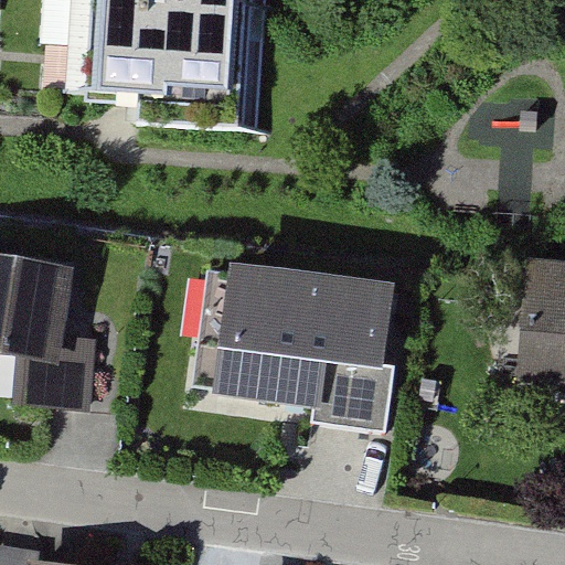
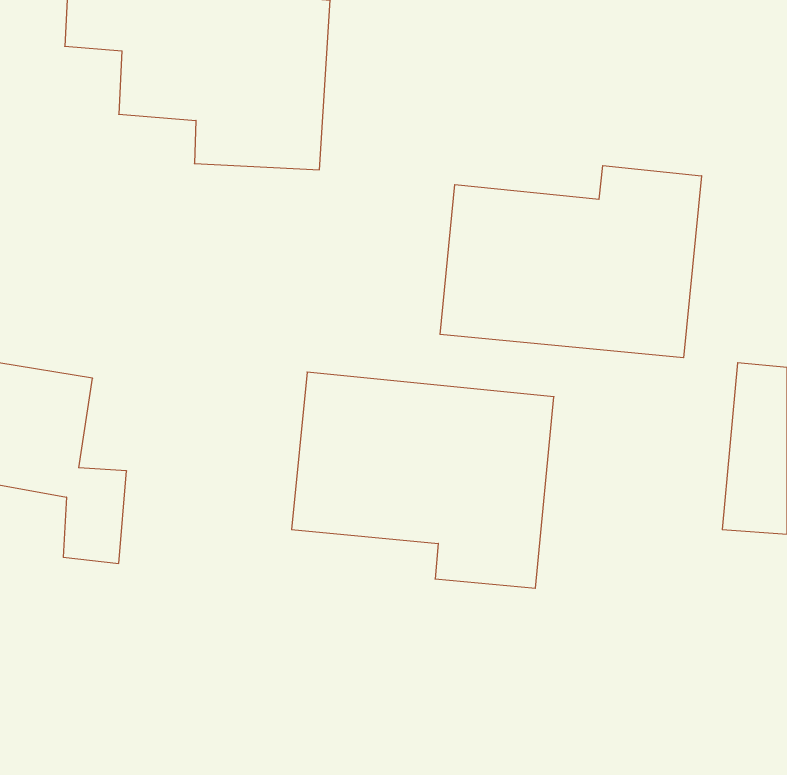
building: none -> [440,166,702,358]

